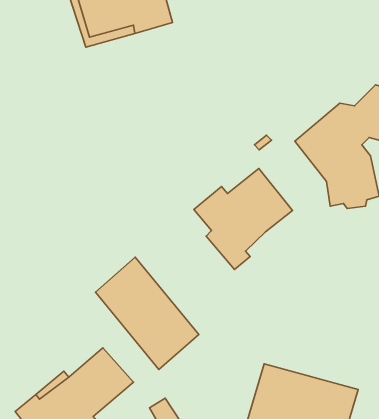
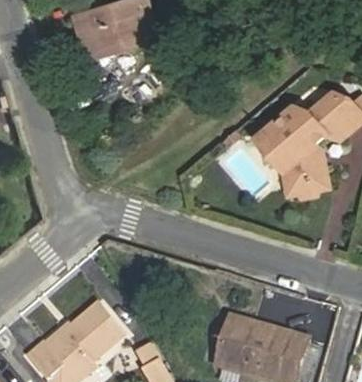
building: [194,168,292,270] -> none
building: [95,257,199,369] -> none

